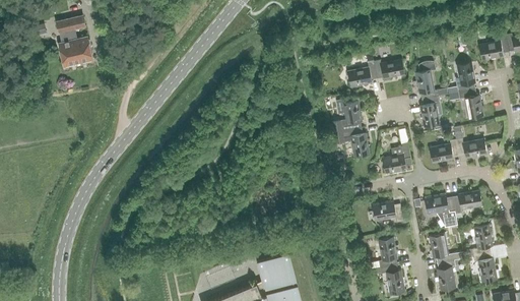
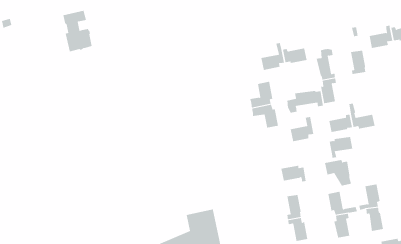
building: [56,14,92,65] -> [62,10,93,52]
building: [458,88,483,119] -> none
building: none -> [287,90,323,113]
building: [453,190,482,217] -> [329,136,353,158]

